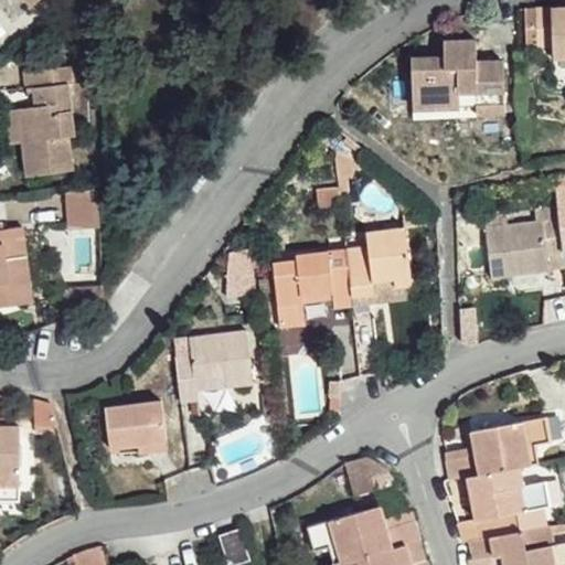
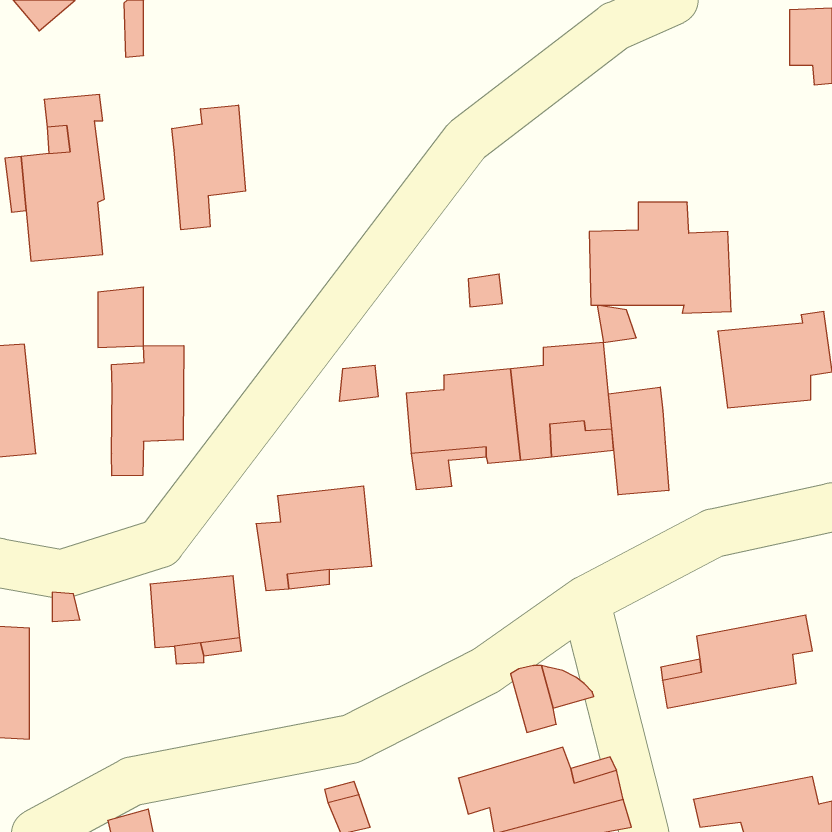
building: [407,35,503,110] -> [589,202,731,313]
building: none -> [172,105,246,230]
building: none -> [112,346,184,476]
building: none -> [608,387,669,495]
building: [458,467,548,542] -> none

